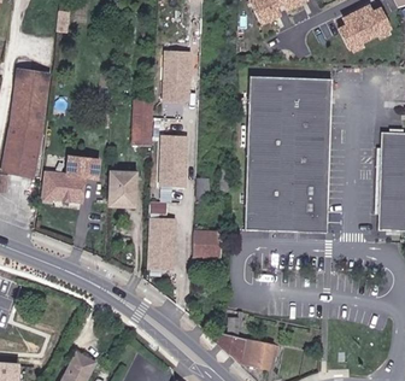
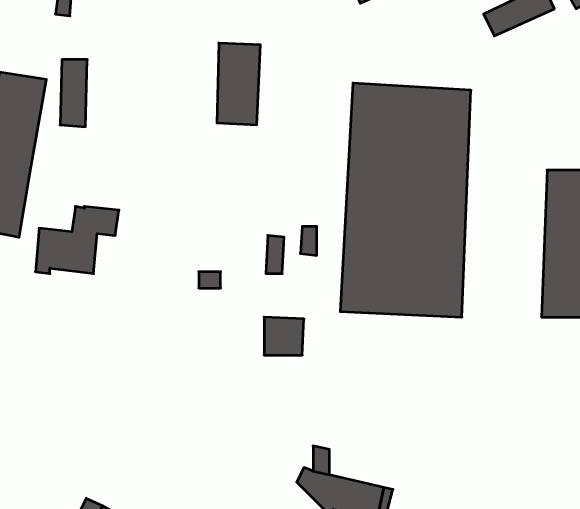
building: [133,99,151,143] -> [60,60,87,127]
building: [158,135,188,188] -> none
building: [111,171,135,204] -> none
building: [146,216,176,270] -> none

